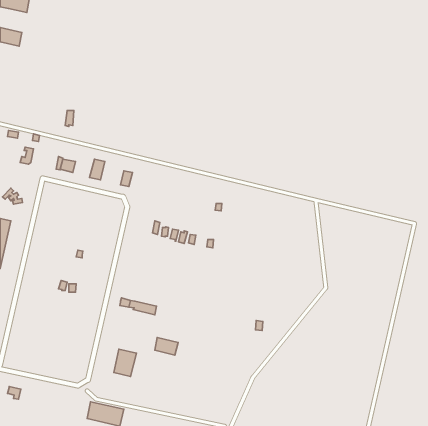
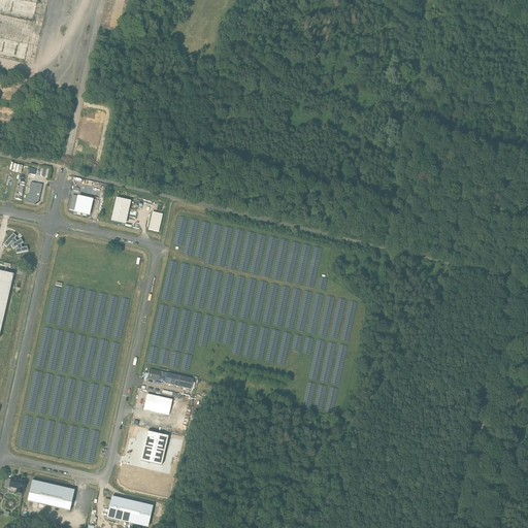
building: [155,338,178,355] -> [143,392,172,414]
building: none -> [27,478,75,509]

